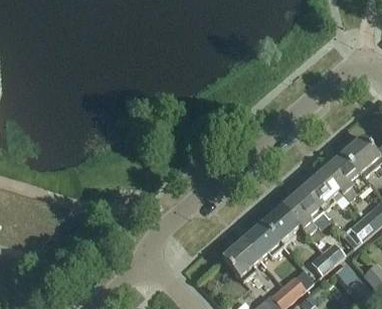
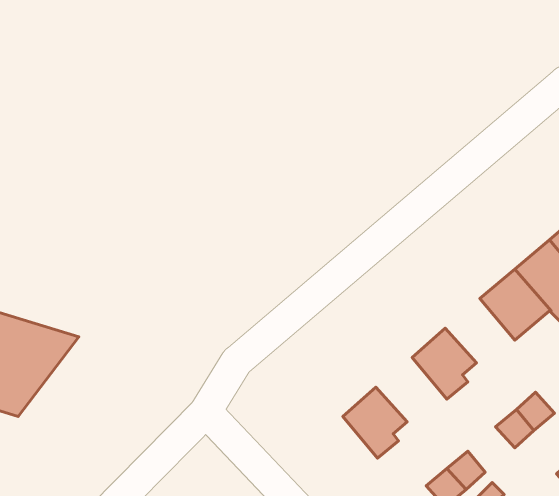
building: [280,186,321,233] -> none
building: [240,220,281,258] -> none

